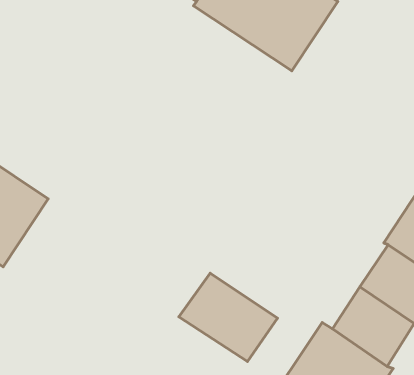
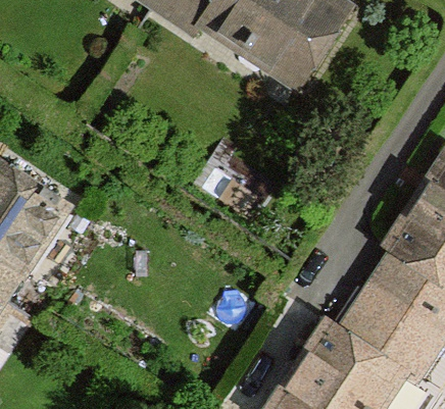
building: [179,273,277,362] -> none

